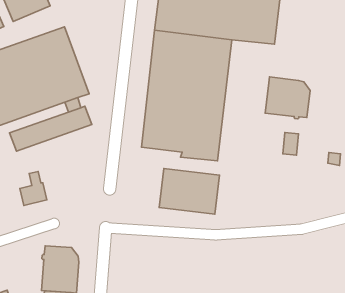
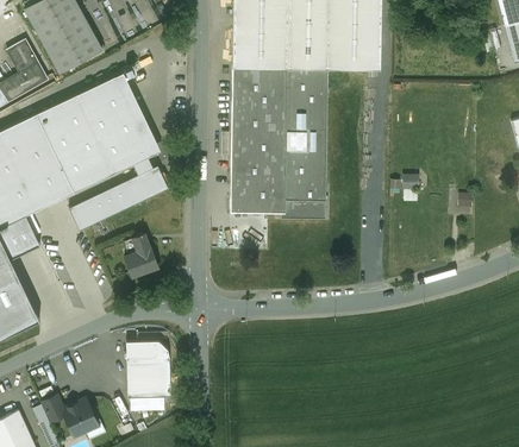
building: [265,77,310,119] -> none
building: [159,169,220,214] -> none
building: [20,172,47,205] -> [124,235,158,278]

